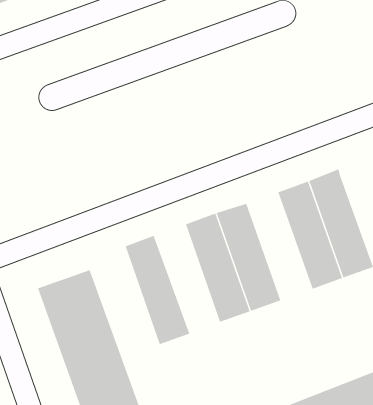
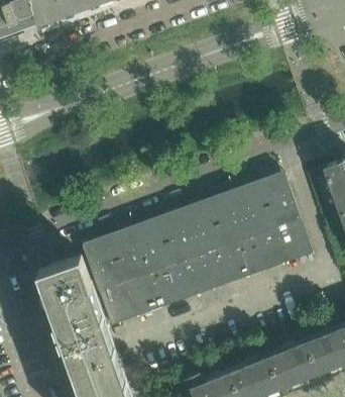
building: none -> [208,190,261,279]
building: none -> [132,216,186,306]
building: none -> [82,234,136,324]

